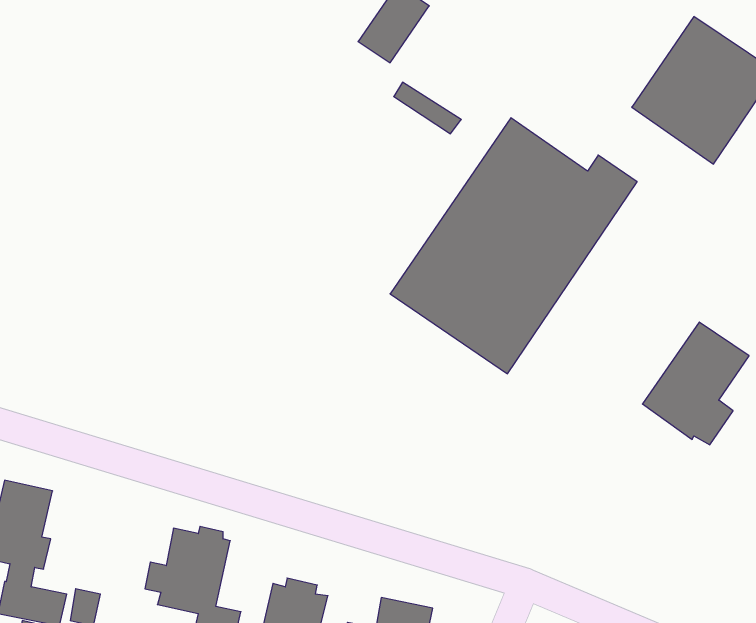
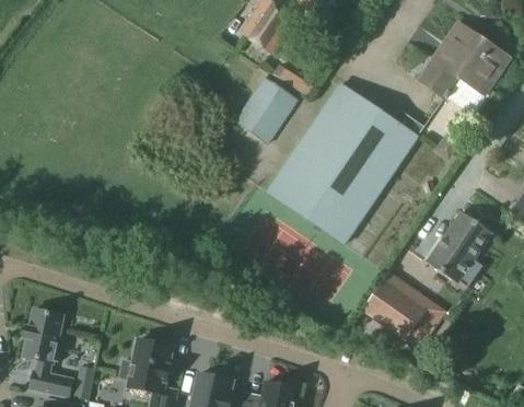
building: none -> [235,75,298,141]
building: none -> [363,279,440,348]

